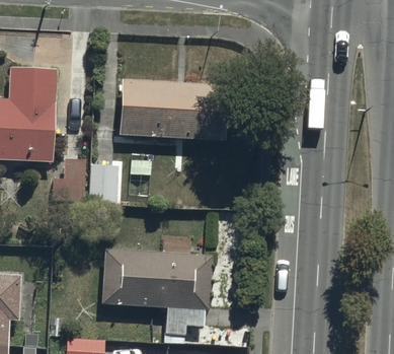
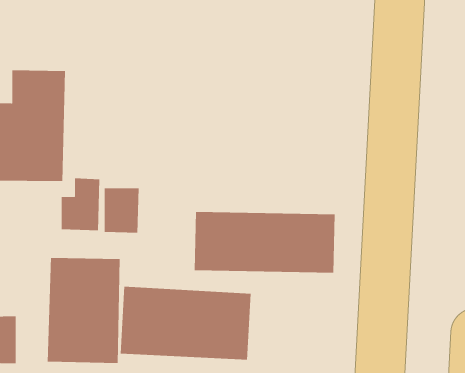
building: [123,82,239,133] -> [194,212,335,273]
building: none -> [47,257,120,364]

